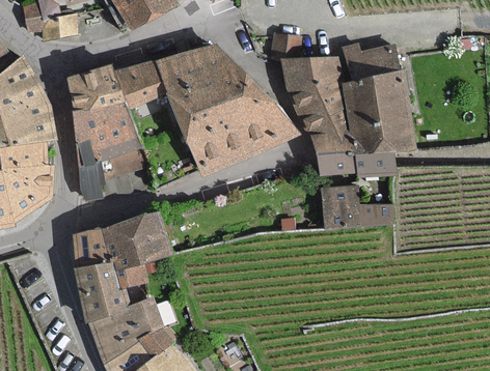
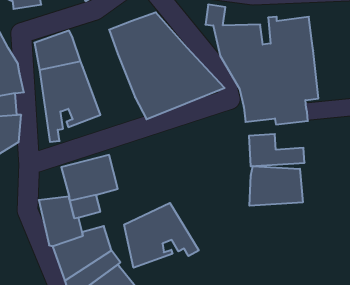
building: [113,64,167,109] -> none
building: none -> [249,166,303,206]
building: [73,228,109,267] -> none
building: none -> [124,203,199,268]

